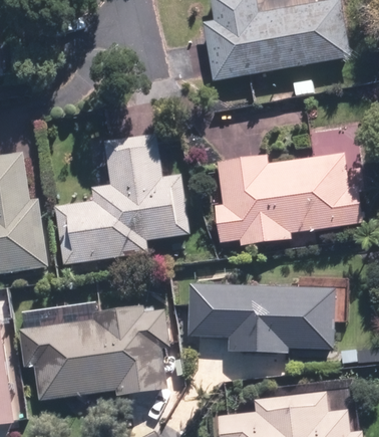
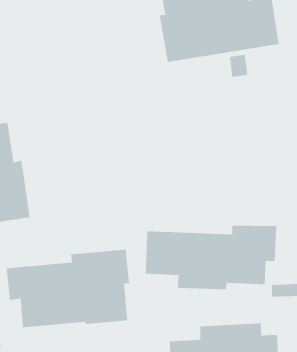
building: [52,134,191,263] -> none
building: [212,153,364,247] -> none

